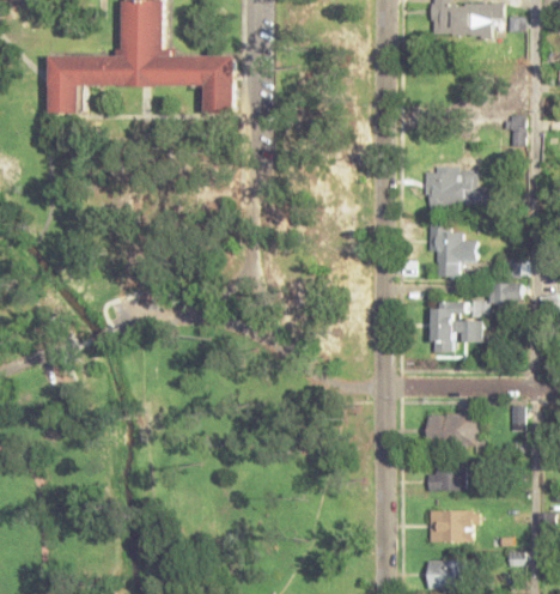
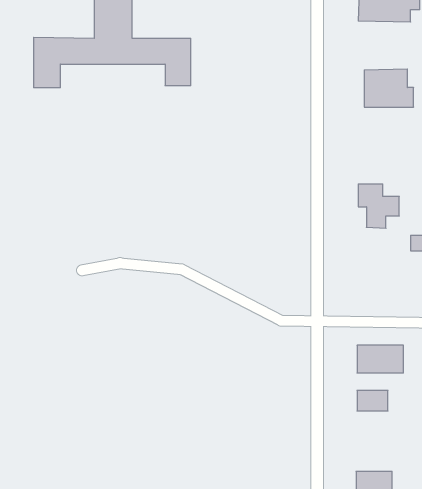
building: [426,165,483,210] -> [364,69,414,107]
building: [432,301,485,344] -> none
building: [430,510,476,541] -> none

